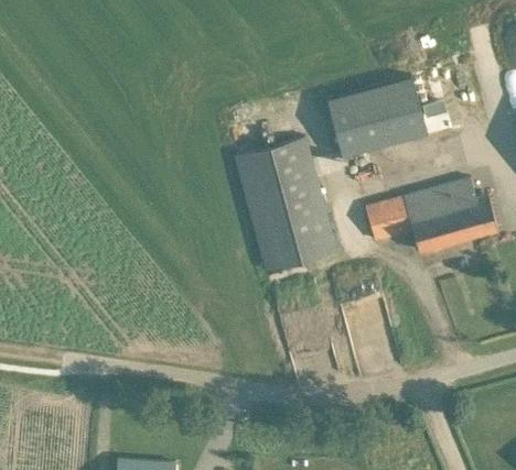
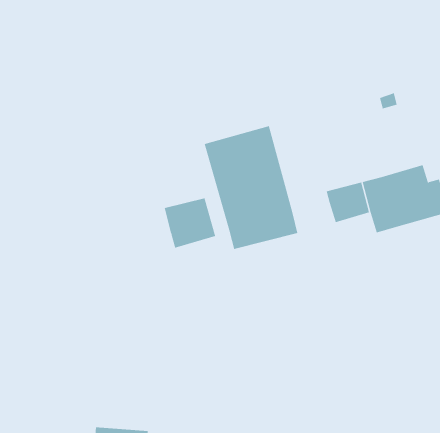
building: [327,77,428,157] -> none
building: none -> [164,197,216,249]

